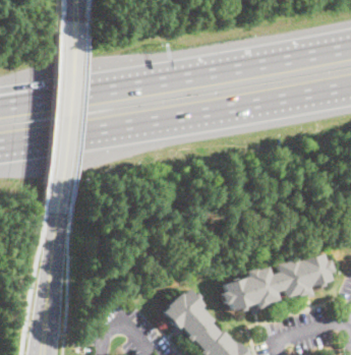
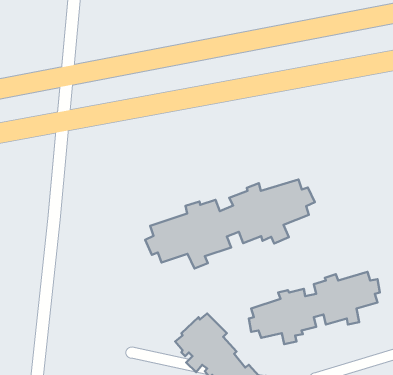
building: none -> [145,180,315,268]

